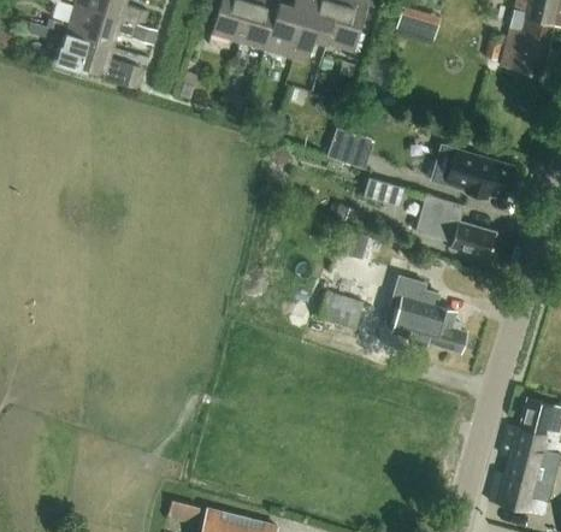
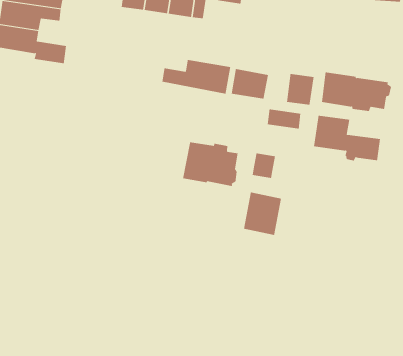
building: none -> [162,59,231,94]
building: none -> [287,73,314,106]
building: none -> [183,141,238,187]
building: [384,276,467,353] -> none

